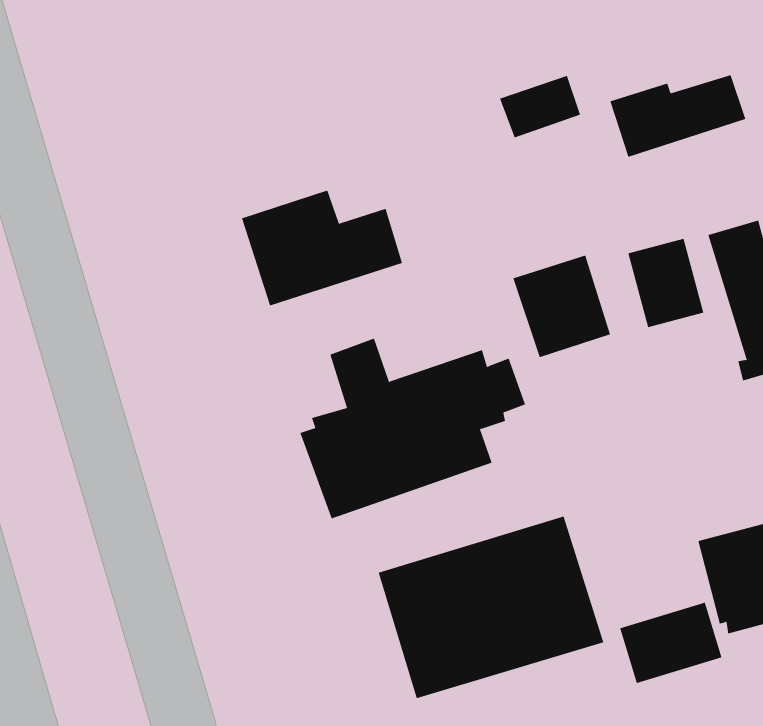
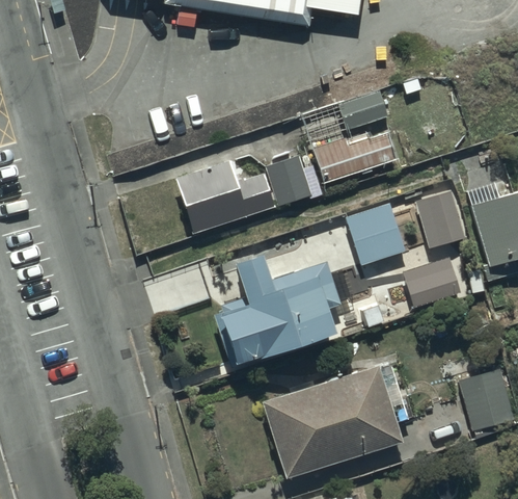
building: [610,74,746,158] -> [313,132,399,184]
building: none -> [267,156,313,207]
building: none -> [404,258,461,308]
building: [619,602,722,684] -> none

